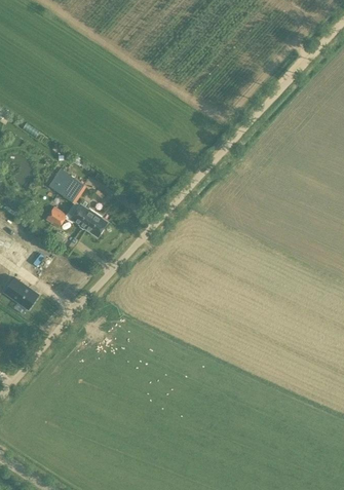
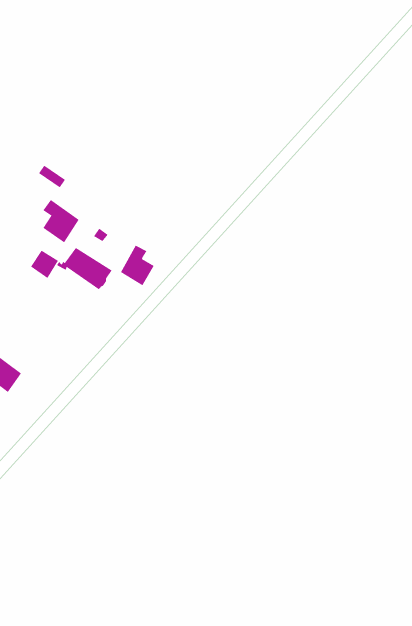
building: none -> [120,245,155,286]

